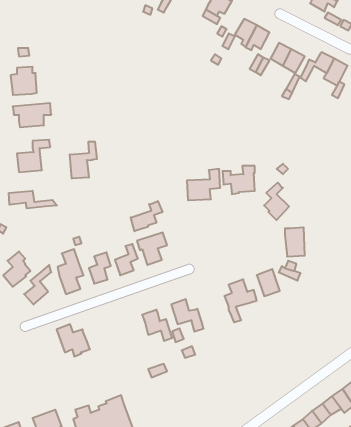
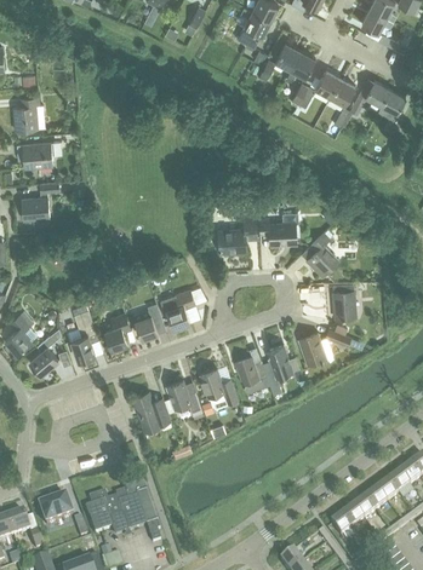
building: [70,142,97,179] -> none
building: [9,191,57,208] -> none
building: [131,201,162,231] -> none
building: none -> [235,355,269,393]
building: [57,324,90,357] -> [132,391,171,428]

